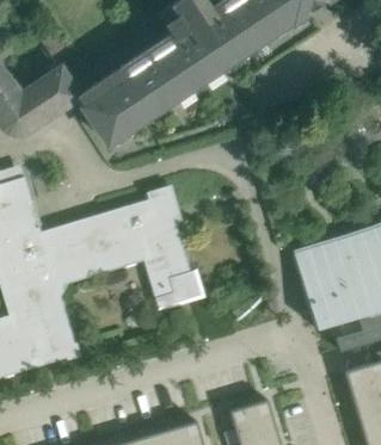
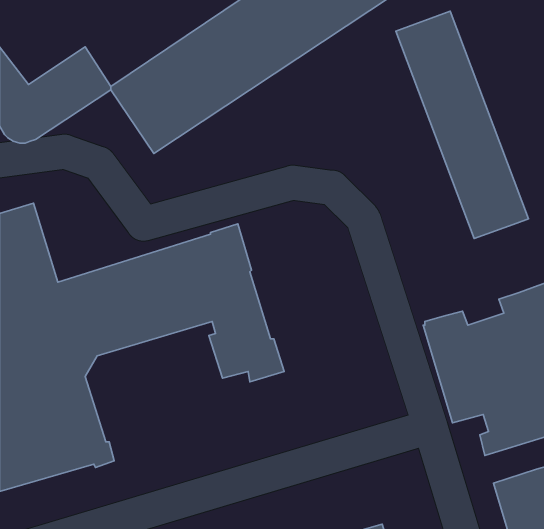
building: none -> [396,11,529,239]

